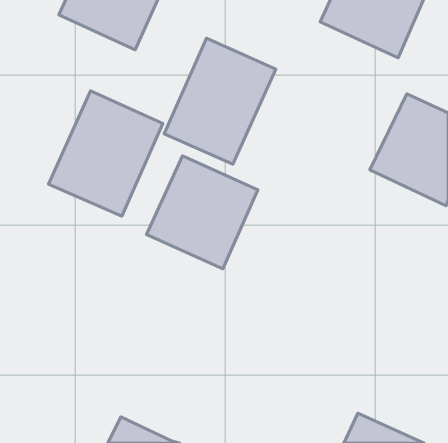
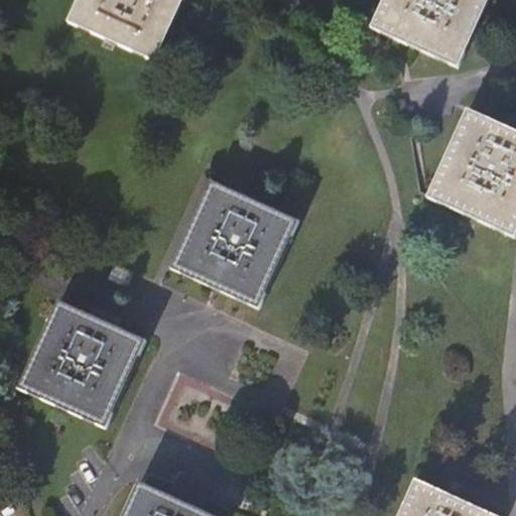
building: [164,38,276,164] -> none
building: [48,91,163,216] -> none
building: none -> [17,298,145,427]

